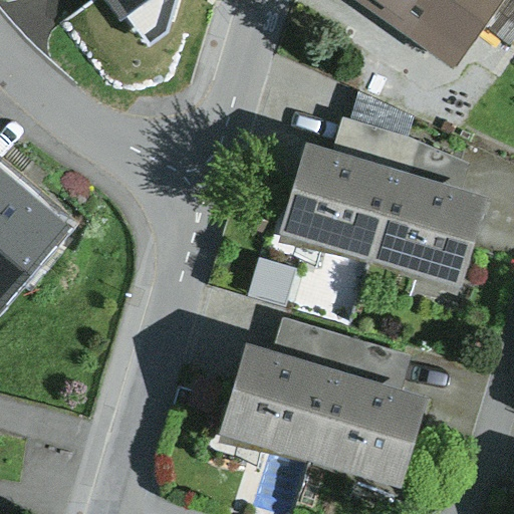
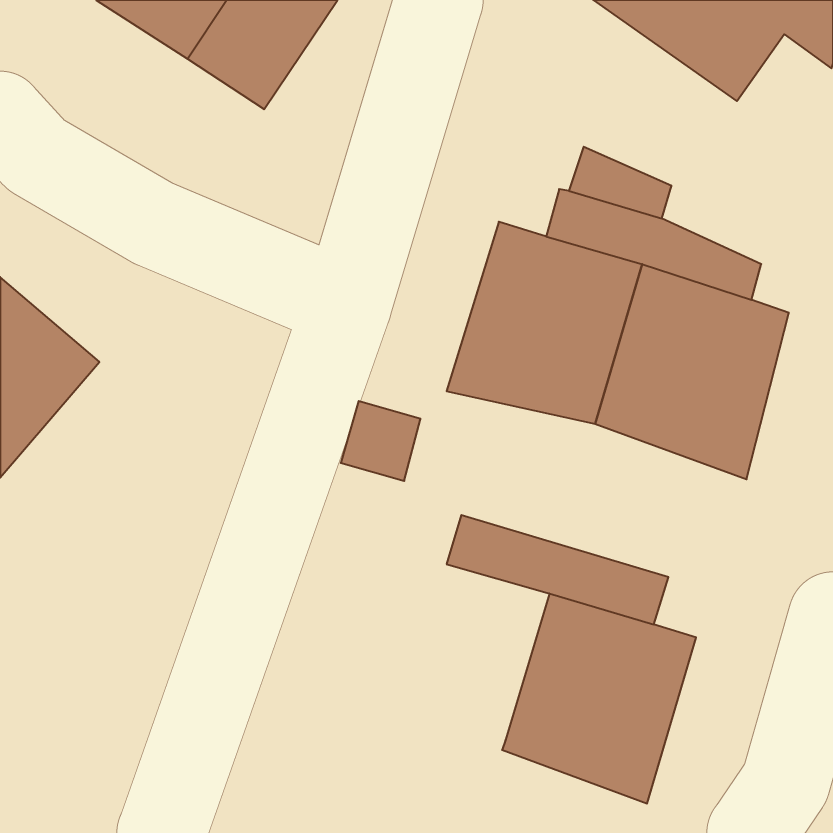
building: [217,338,338,462] -> none

